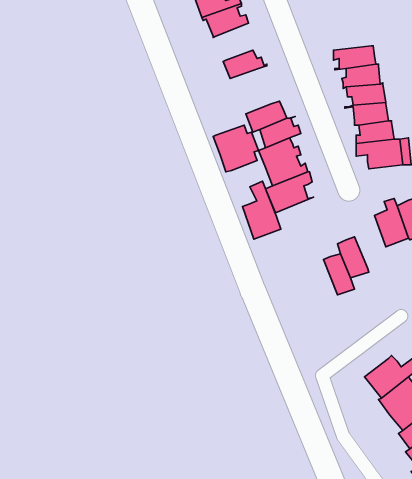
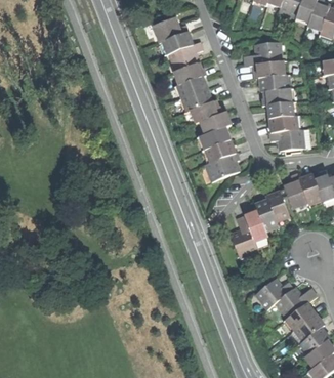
building: none -> [244,42,281,66]
building: none -> [168,43,202,72]
building: [213,125,258,172] -> [176,78,209,112]
building: [243,181,281,239] -> [232,216,259,258]
building: none -> [267,192,291,222]
building: none -> [256,277,293,307]

